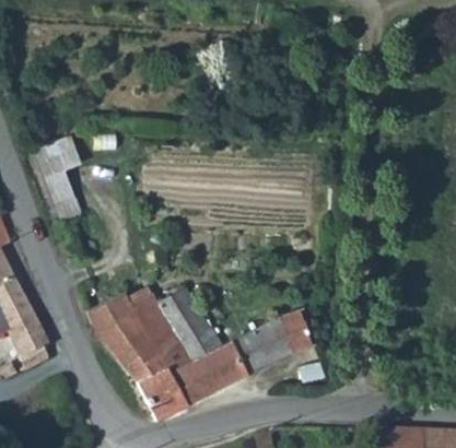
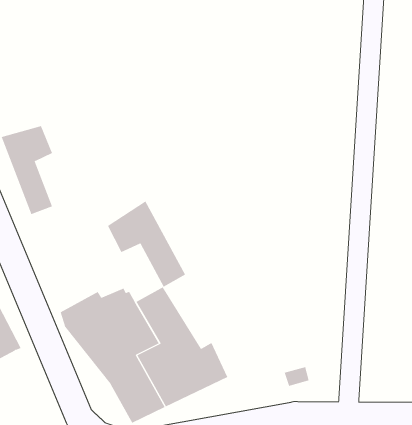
building: none -> [107,200,186,287]
building: [231,310,309,373] -> none

